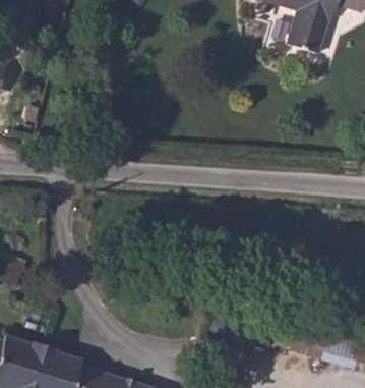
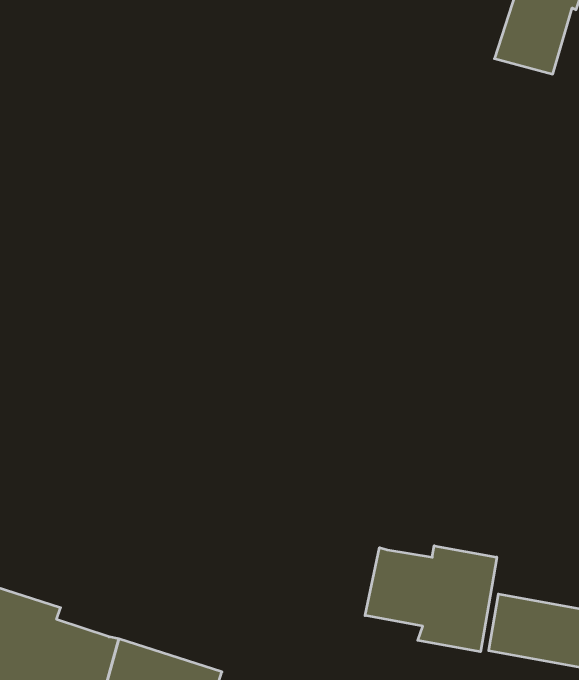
building: none -> [365,546,497,652]

